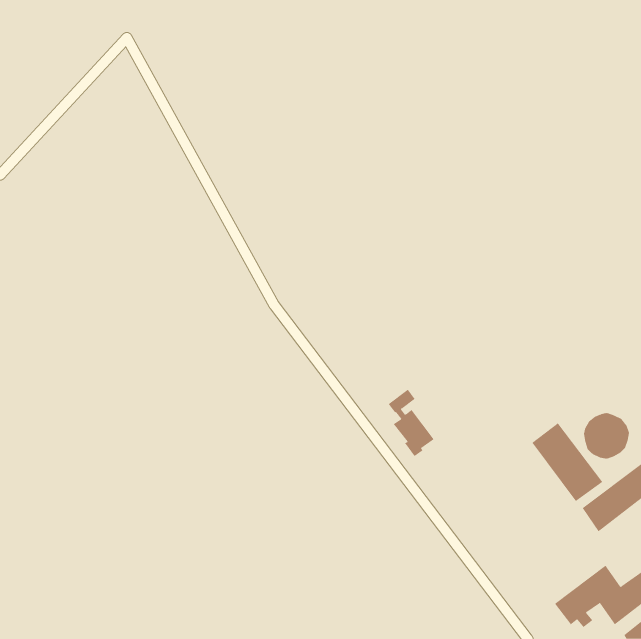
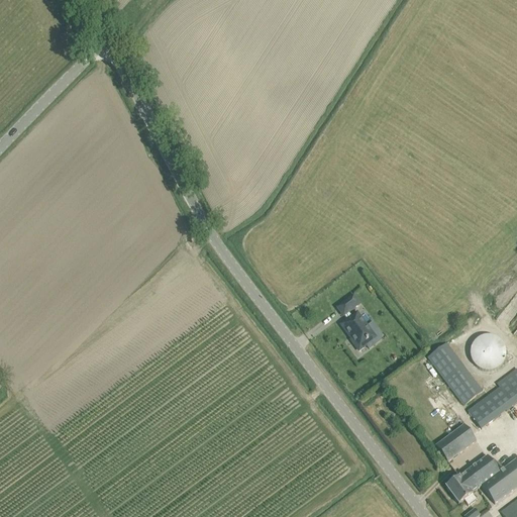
building: [388,389,434,457] -> [338,294,376,348]
building: none -> [436,423,477,460]

